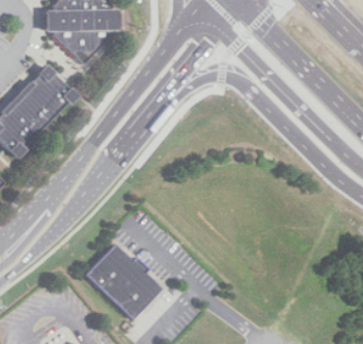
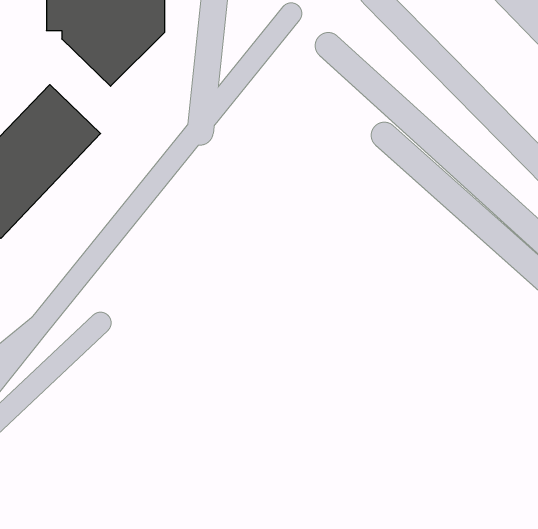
building: [86,245,162,319] -> none

